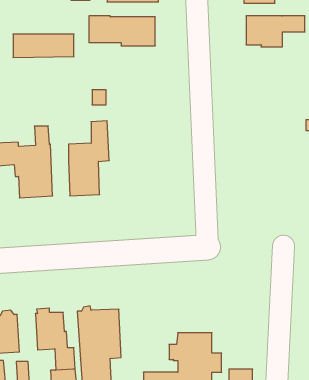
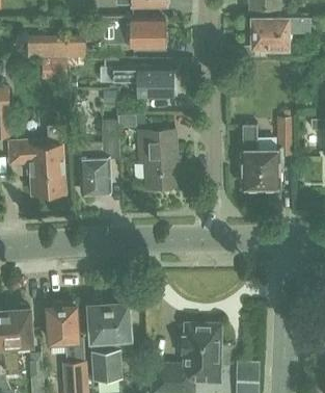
building: none -> [114,68,173,99]
building: none -> [242,120,294,192]
building: none -> [138,131,182,190]

